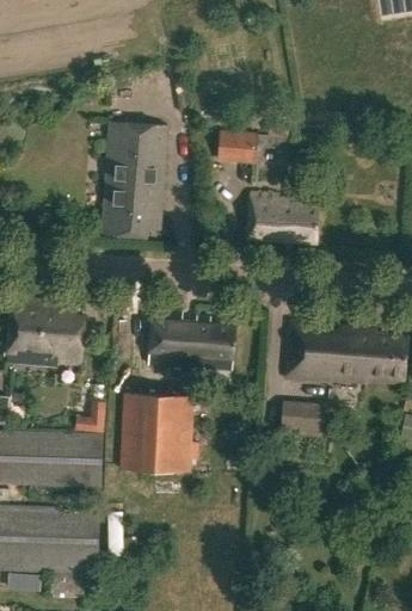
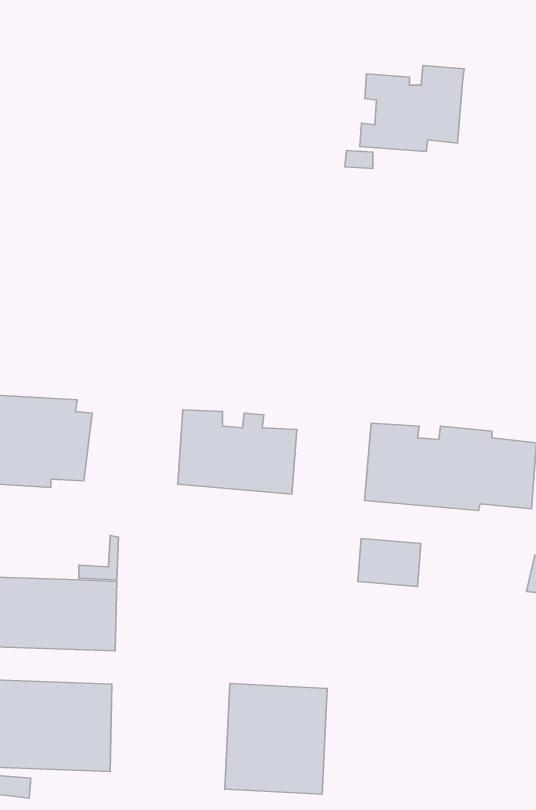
building: [103,122,170,237] -> none
building: [219,132,257,166] -> none
building: [245,186,320,248] -> [360,66,464,151]
building: [121,393,195,473] -> [225,683,327,794]

